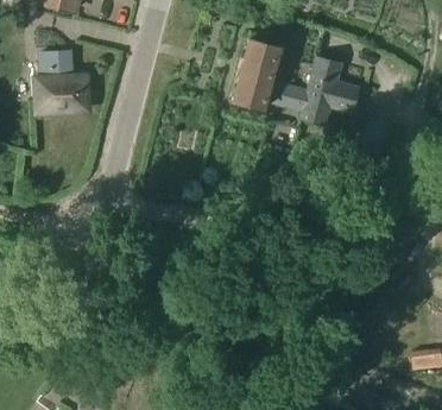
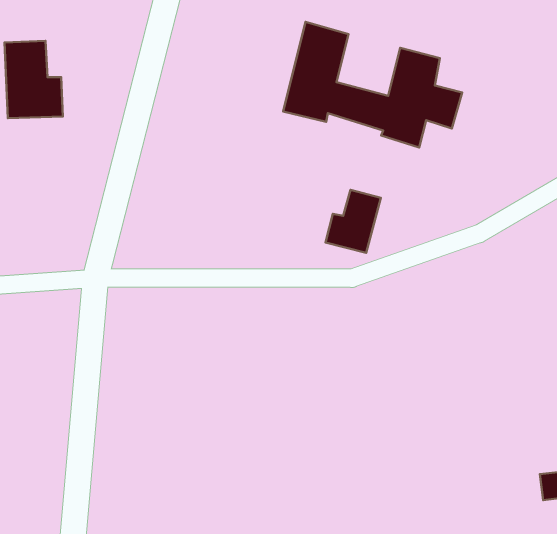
building: none -> [325,190,381,253]

